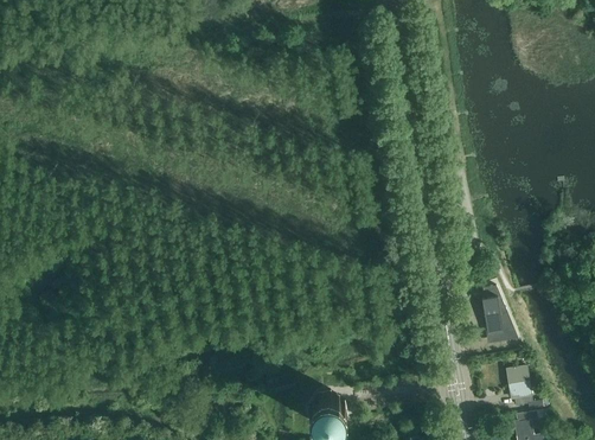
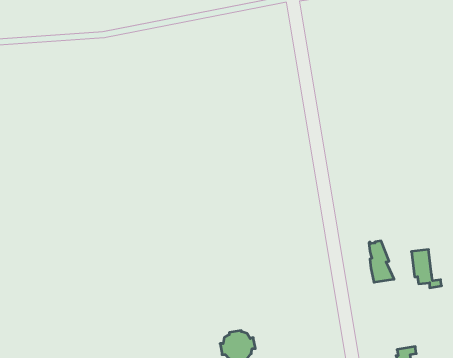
building: [508,370,544,415] -> [411,250,442,288]

